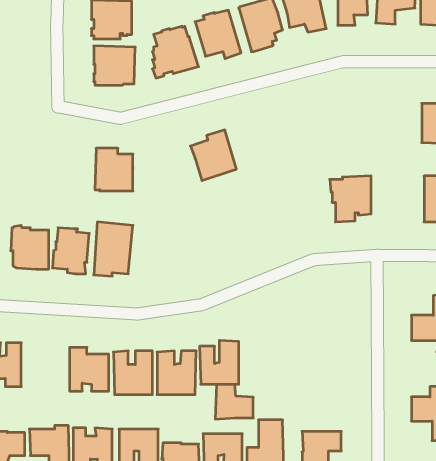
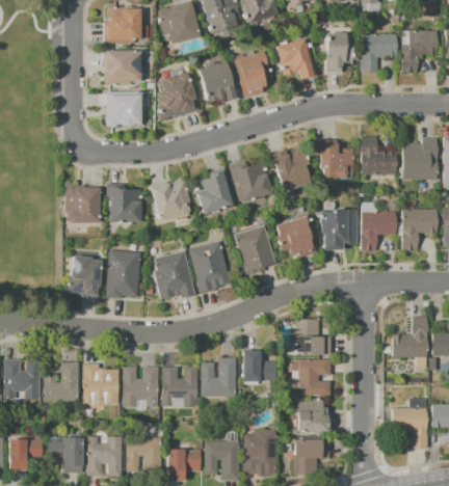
building: none -> [361,136,395,174]
building: none -> [314,140,352,178]
building: none -> [271,150,310,191]
building: none -> [229,161,271,201]
building: none -> [151,179,190,221]
building: none -> [363,204,397,251]
building: none -> [276,212,317,258]
building: none -> [235,225,278,274]
building: none -> [189,241,231,294]
building: none -> [153,251,194,299]
building: [11,225,49,269] -> [64,184,99,223]
building: none -> [297,320,333,355]
building: none -> [291,359,331,395]
building: none -> [44,362,78,401]
building: [215,385,253,419] -> [242,351,276,382]
building: none -> [297,399,332,431]

